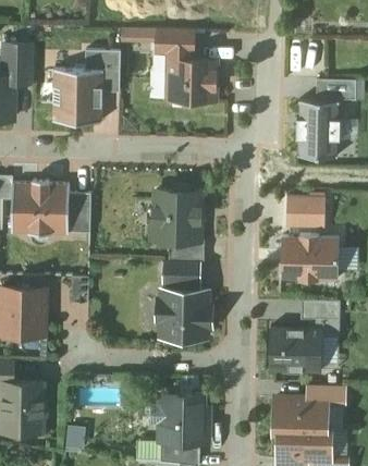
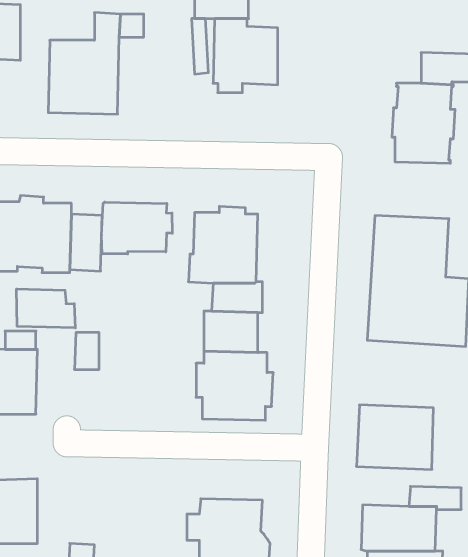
building: none -> [102,202,172,254]
building: none -> [17,289,75,328]
building: [300,299,341,329] -> none

